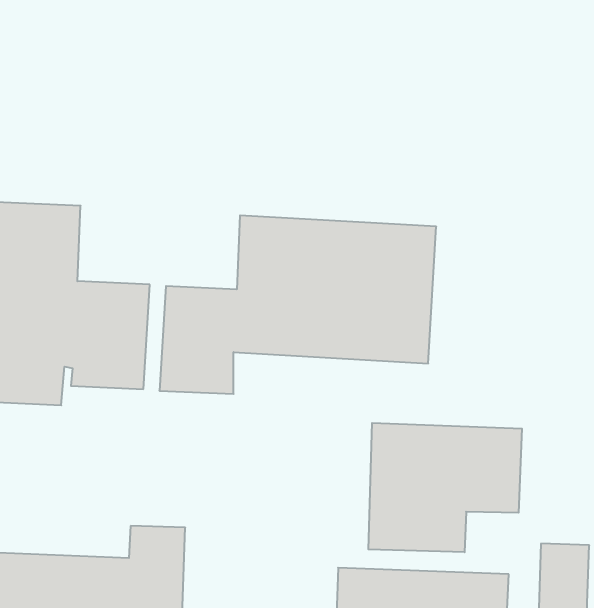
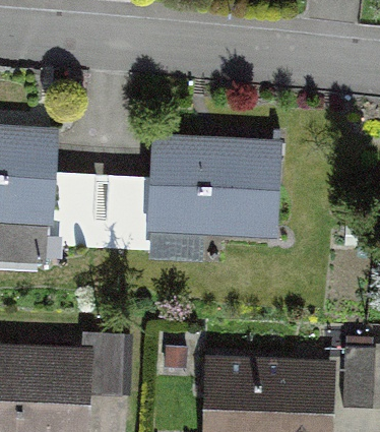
building: [368,423,522,552] -> none

